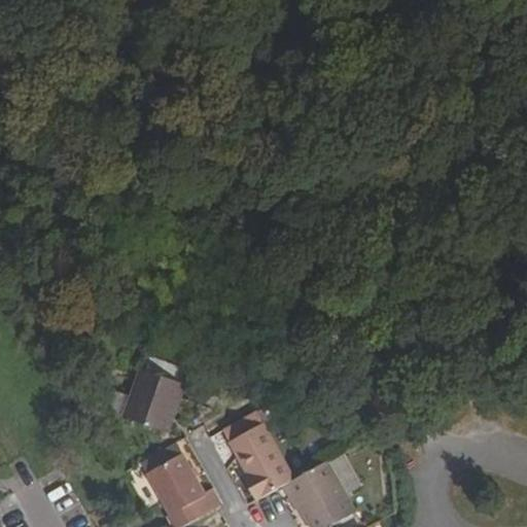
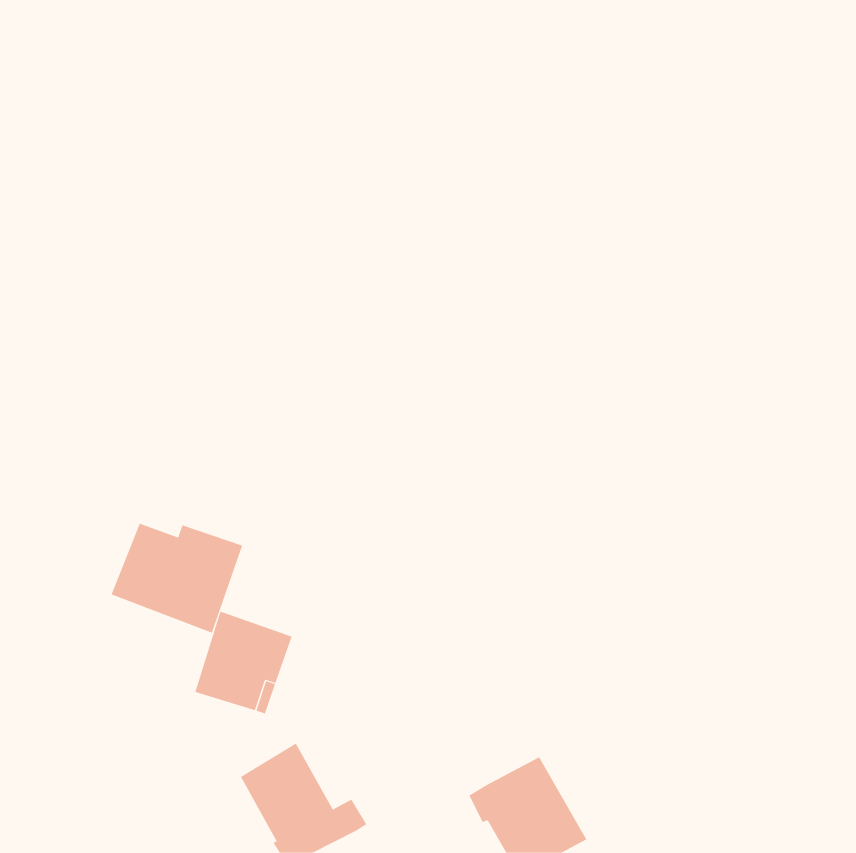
building: none -> [111,523,243,634]
building: [229,422,295,500] -> none

